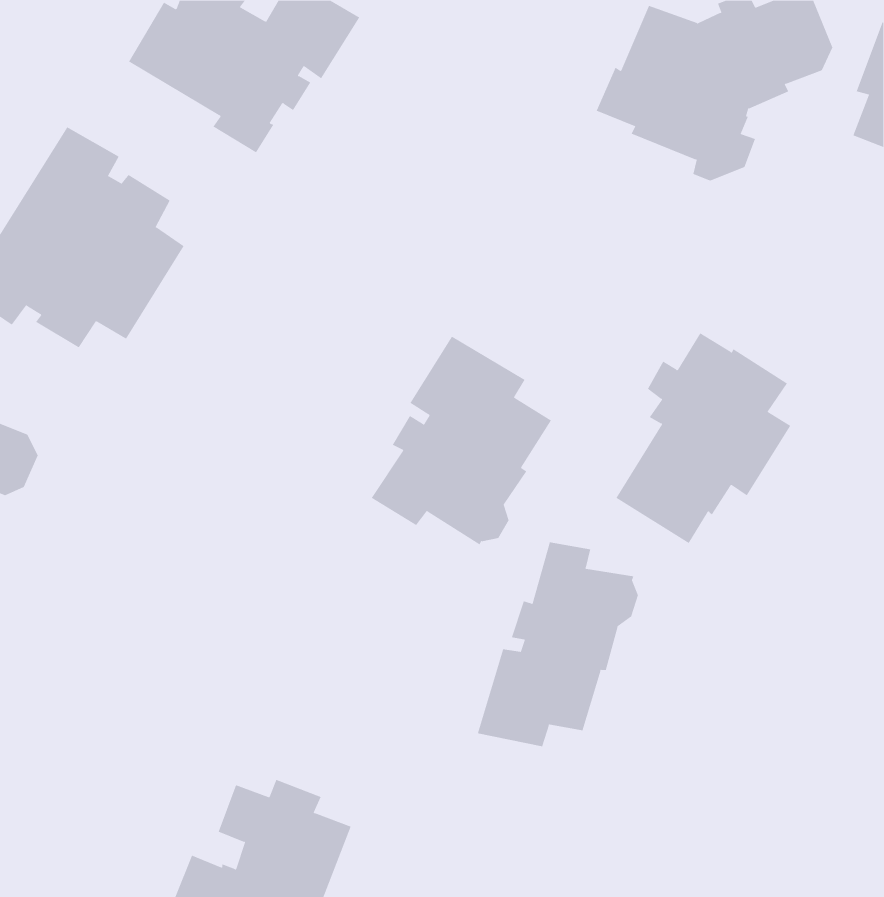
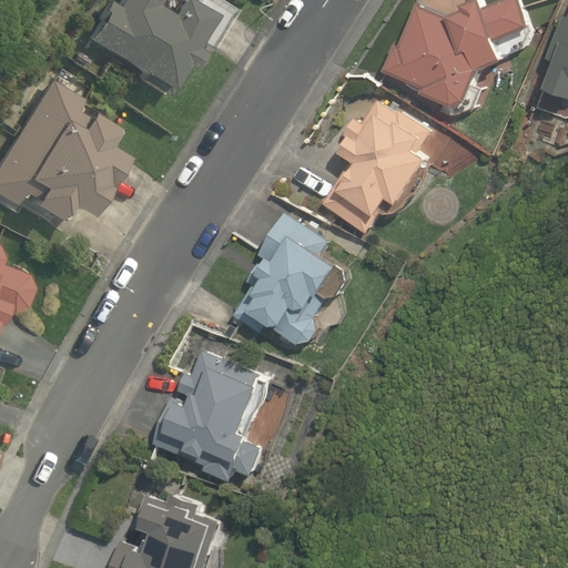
building: [616,333,791,544] -> [324,100,435,233]
building: [477,541,639,747] -> none
building: none -> [153,349,268,481]

